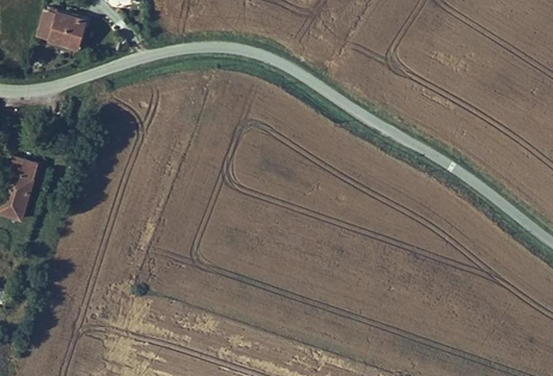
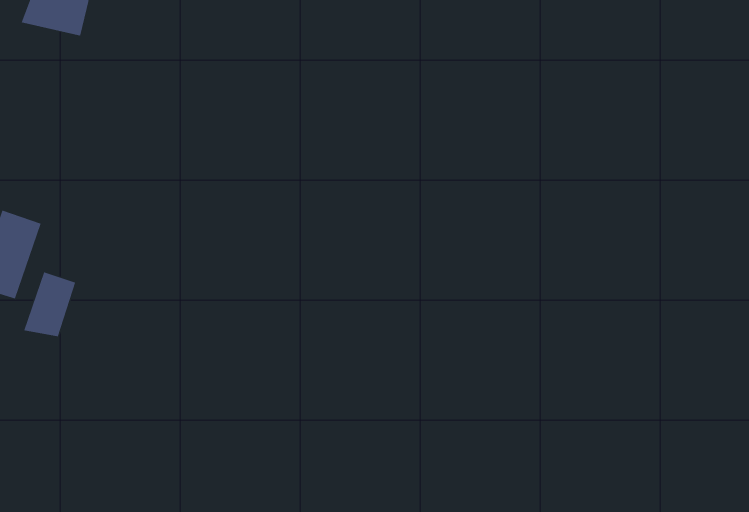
building: none -> [23,271,76,337]

